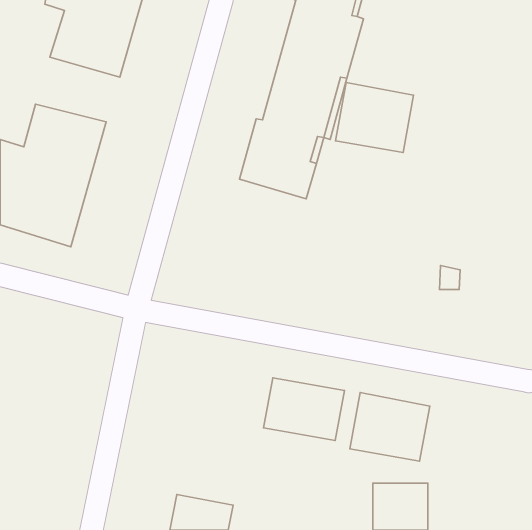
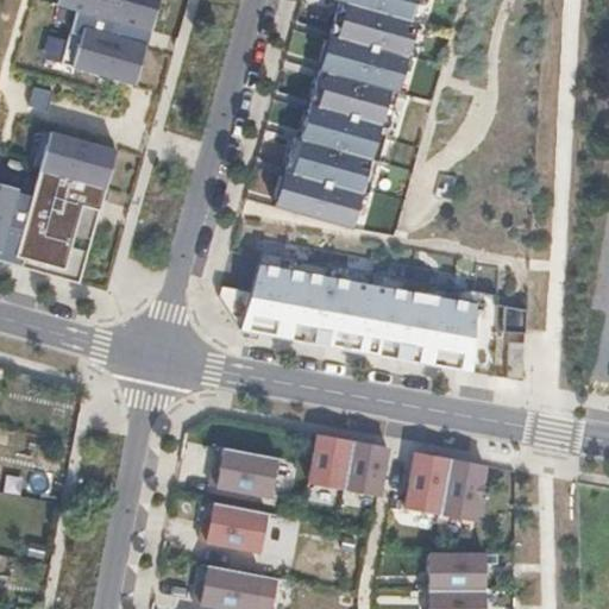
building: [336,82,414,153] -> none
building: none -> [218,250,497,373]
building: none -> [209,446,282,506]
building: none -> [197,501,272,559]

